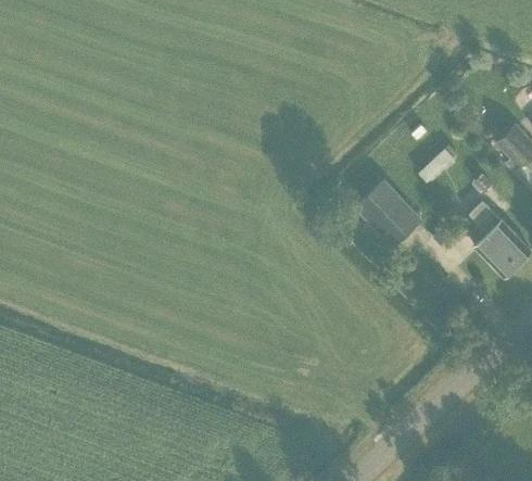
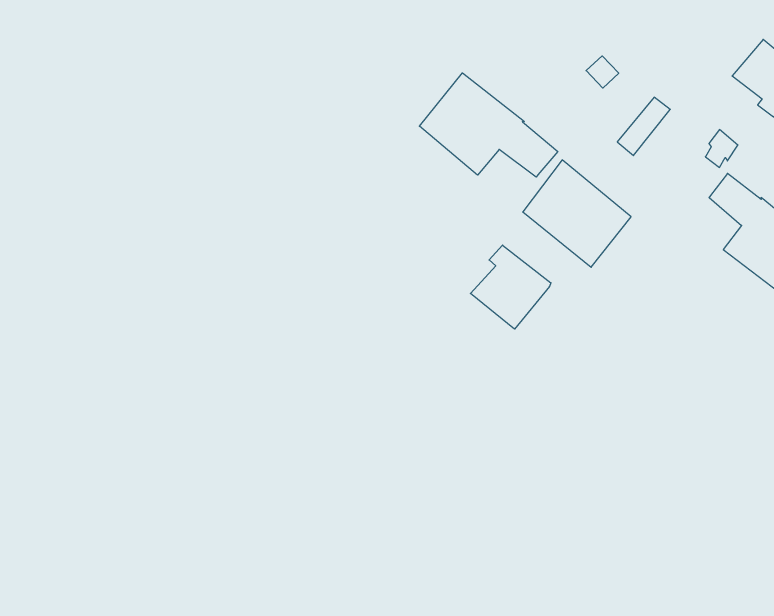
building: none -> [419,73,558,177]
building: none -> [470,245,551,329]

